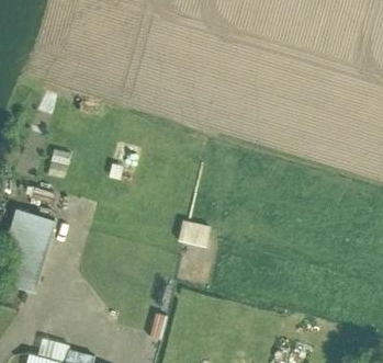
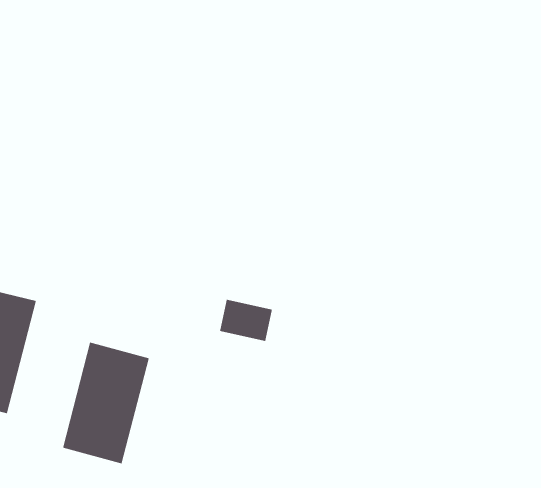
building: none -> [62,342,150,464]

